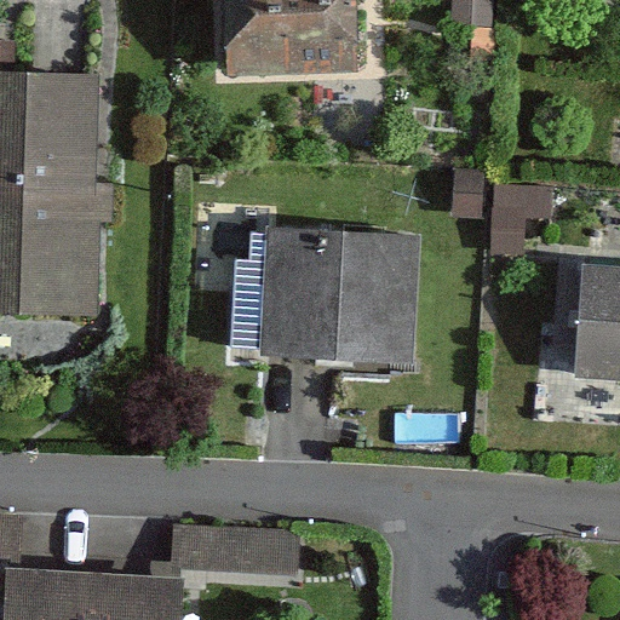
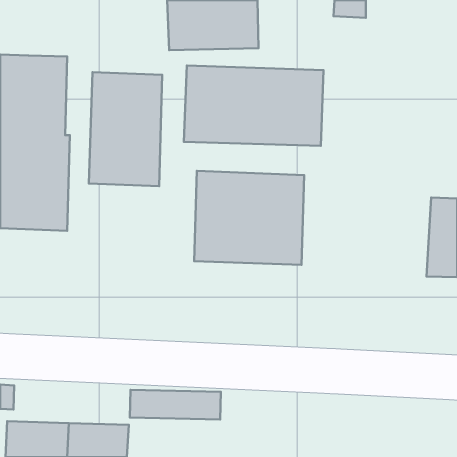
building: none -> [184,66,324,146]
building: none -> [89,72,162,186]

